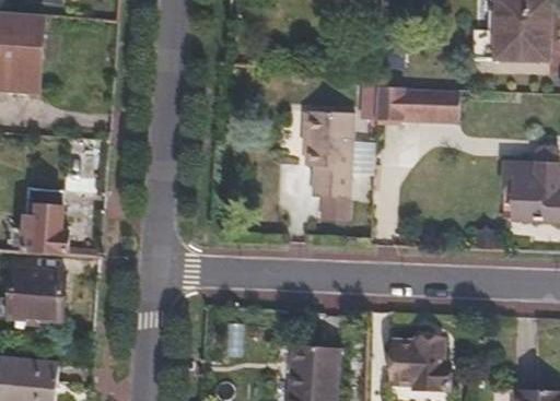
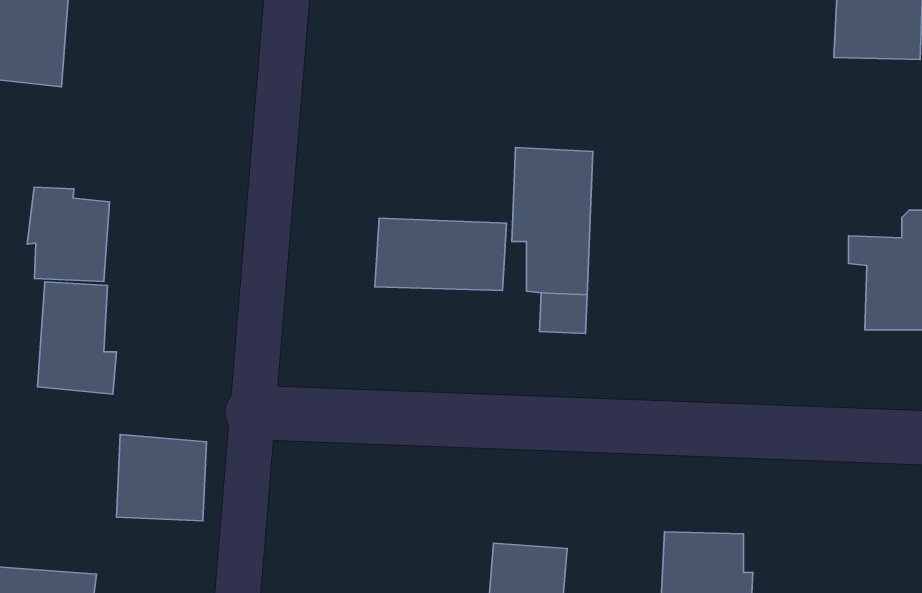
building: [374,87,456,119] -> none
building: none -> [27,187,109,281]
building: none -> [375,218,506,290]
building: [10,270,63,321] -> [116,434,206,521]

